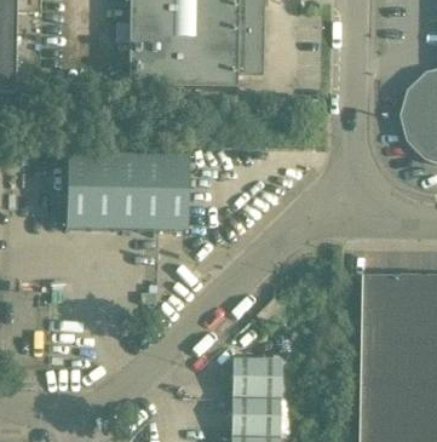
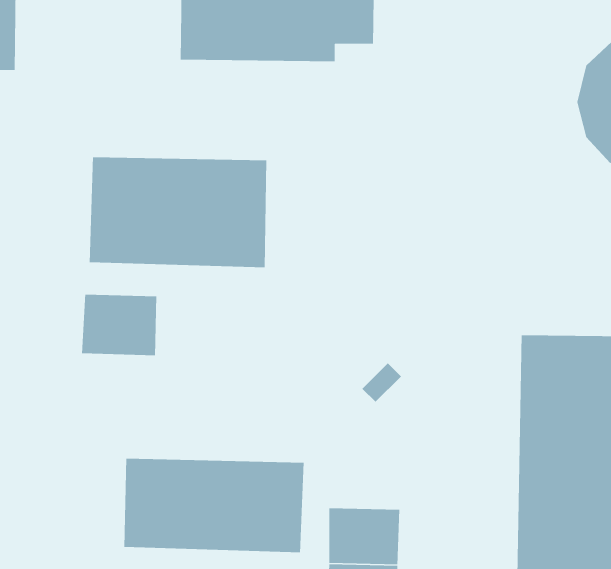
building: none -> [81,294,157,356]
building: [231,356,281,396] -> none
building: none -> [124,458,305,553]

